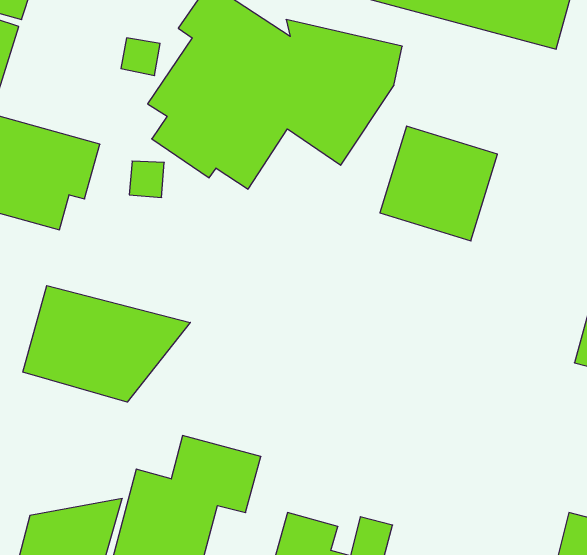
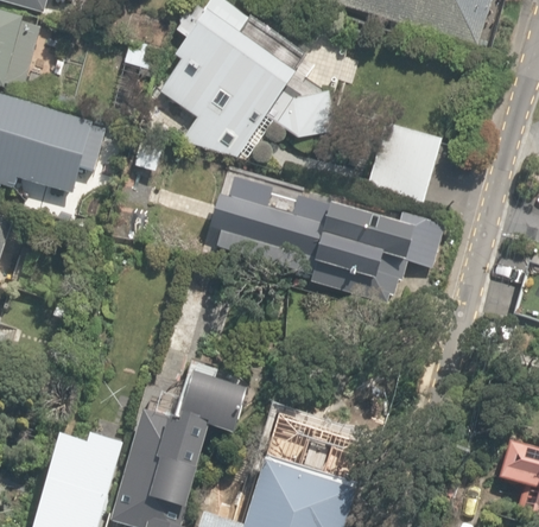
building: none -> [211,191,443,293]
building: [23,286,190,402] -> none

